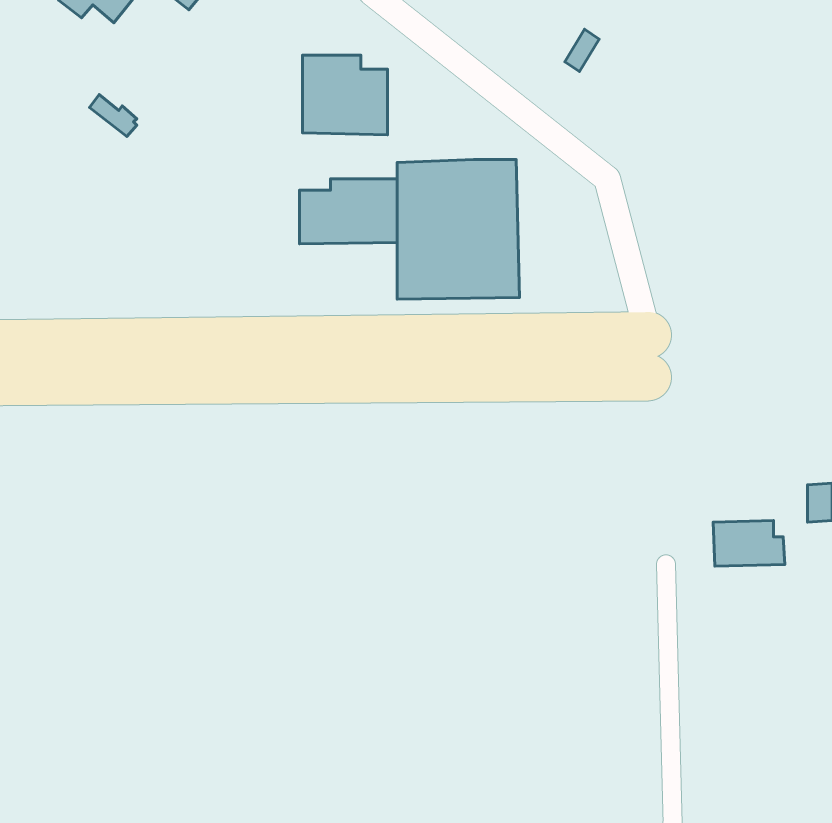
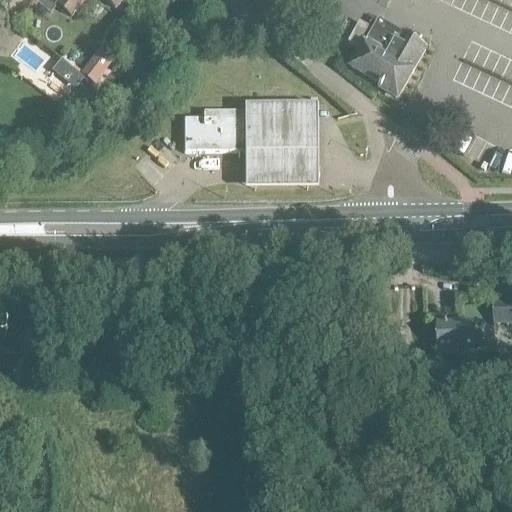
building: none -> [350,15,425,98]
building: [303,55,388,135] -> none
building: none -> [81,44,112,78]

